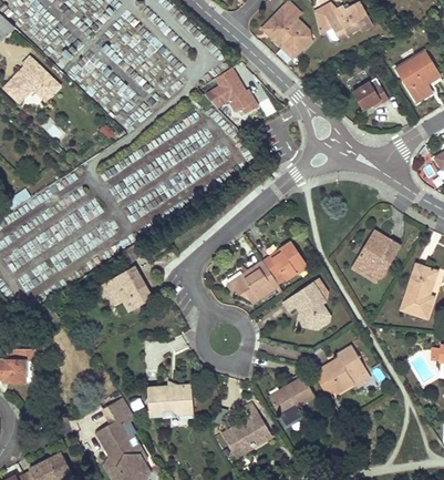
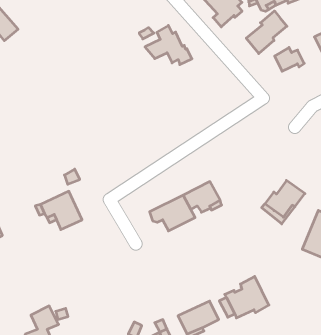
building: none -> [246,11,287,54]
building: [282,280,330,330] -> none
building: [146,386,192,417] -> none

